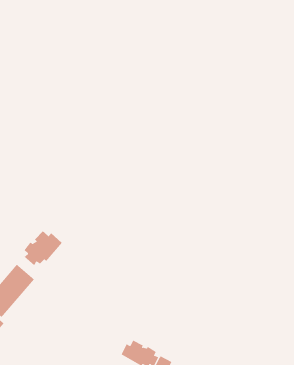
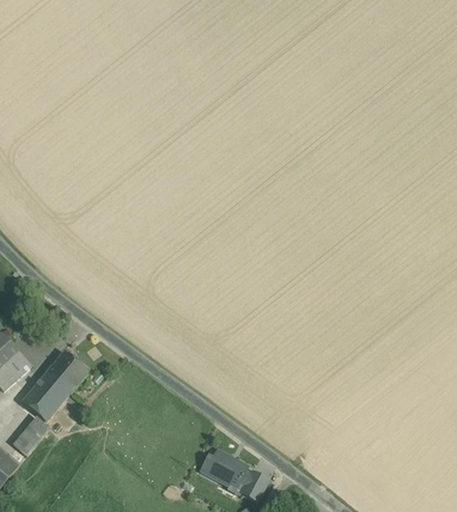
building: [24,230,62,266] -> none

